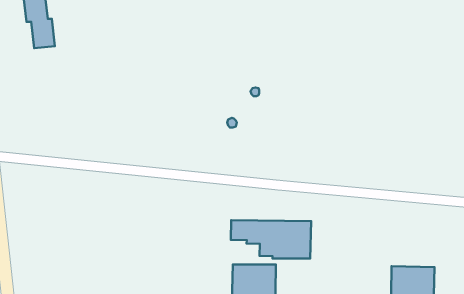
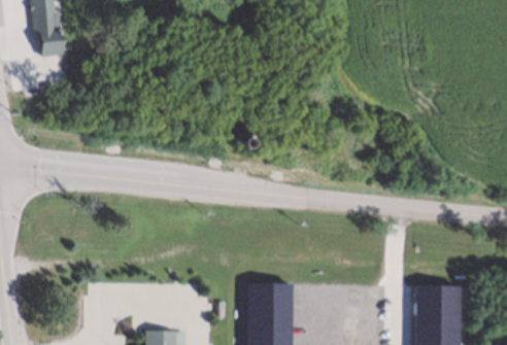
building: [231,220,311,259] -> none

